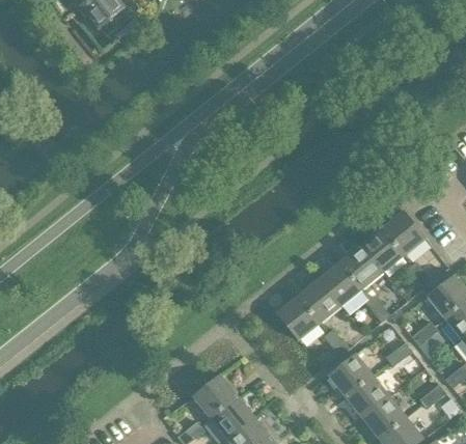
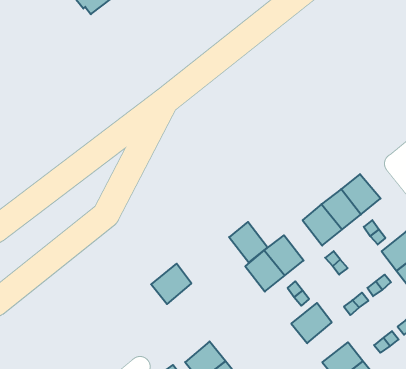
building: [320,262,362,307] -> [229,222,268,262]
building: [193,374,238,419] -> [151,264,191,304]
building: [346,376,390,419] -> none

